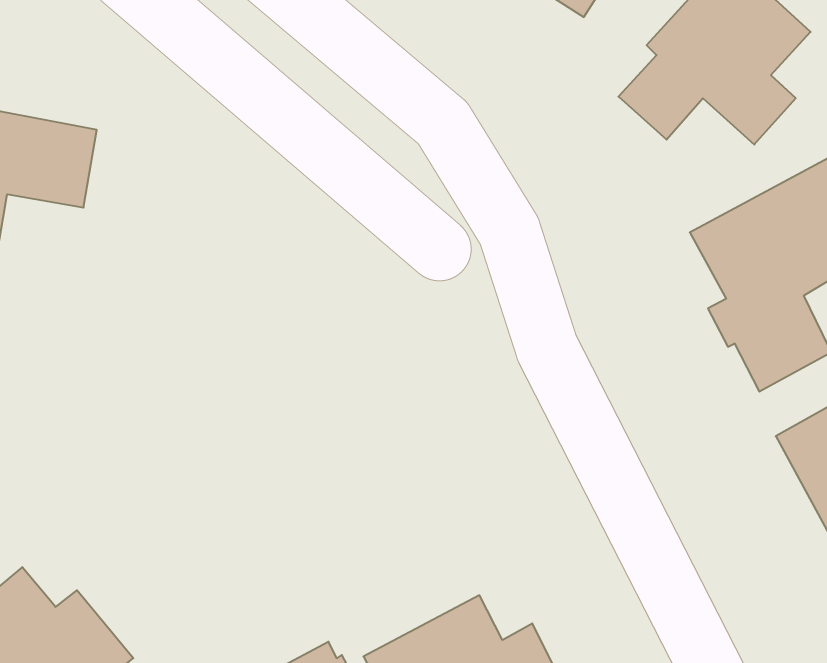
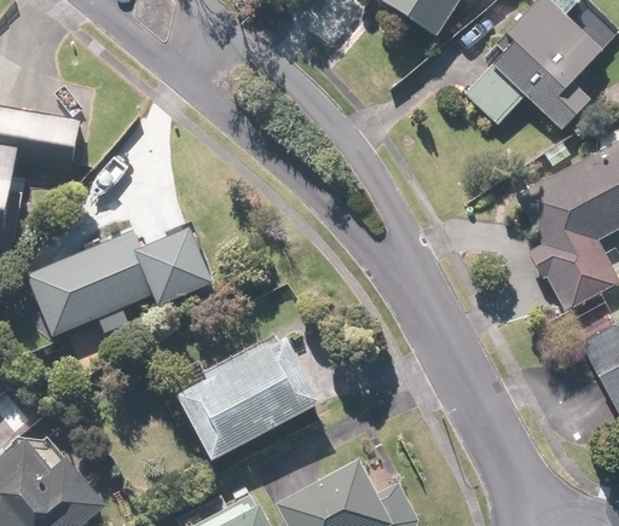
building: none -> [25,227,214,336]
building: none -> [178,336,323,461]

